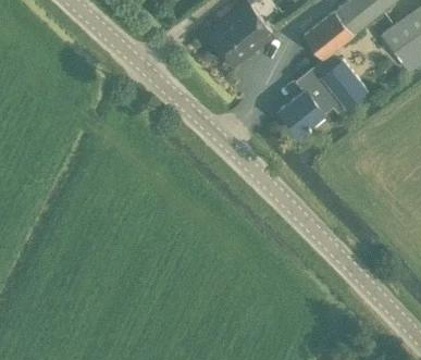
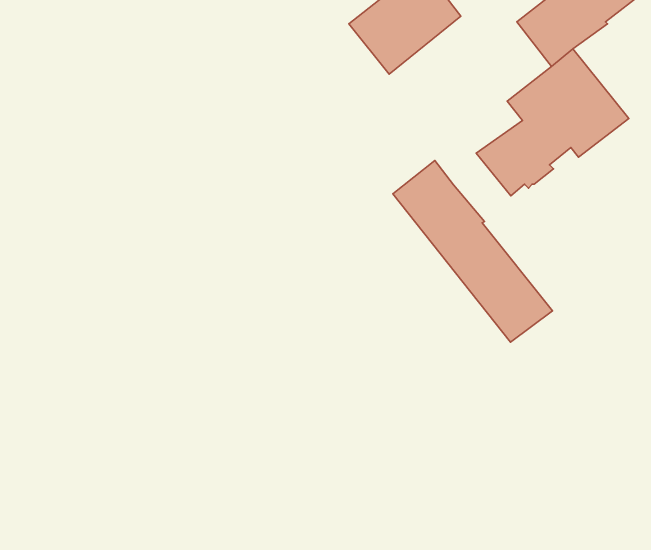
building: none -> [393,161,552,342]

